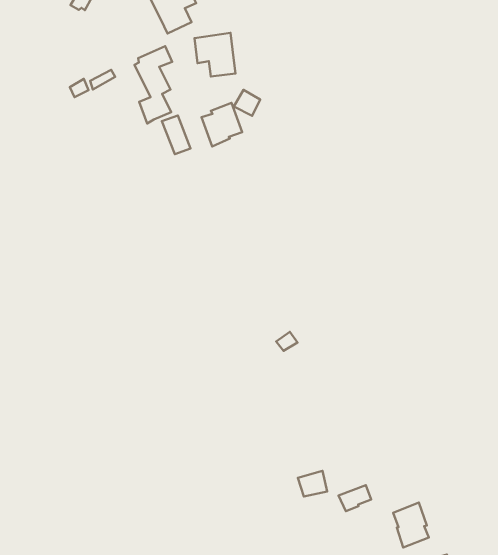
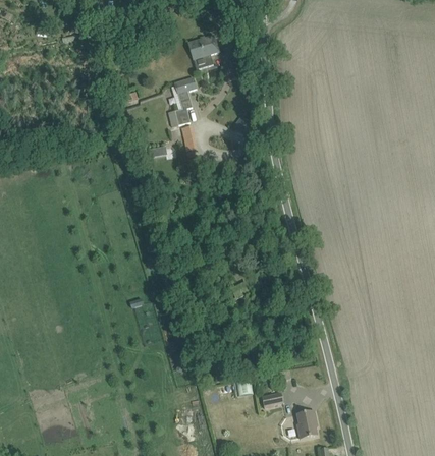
building: [195,33,235,77] -> none
building: [202,103,242,146] -> none

